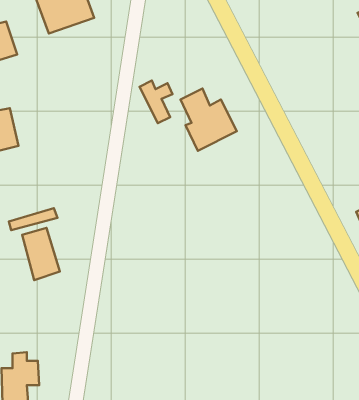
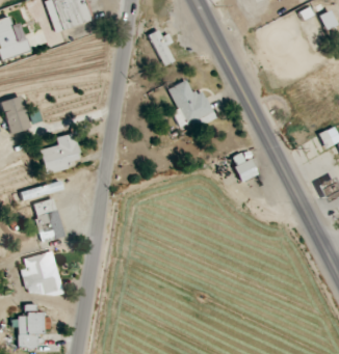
building: [140,81,172,123] -> [149,29,177,65]
building: none -> [41,132,82,174]
building: none -> [233,153,258,181]
building: none -> [22,251,62,297]

